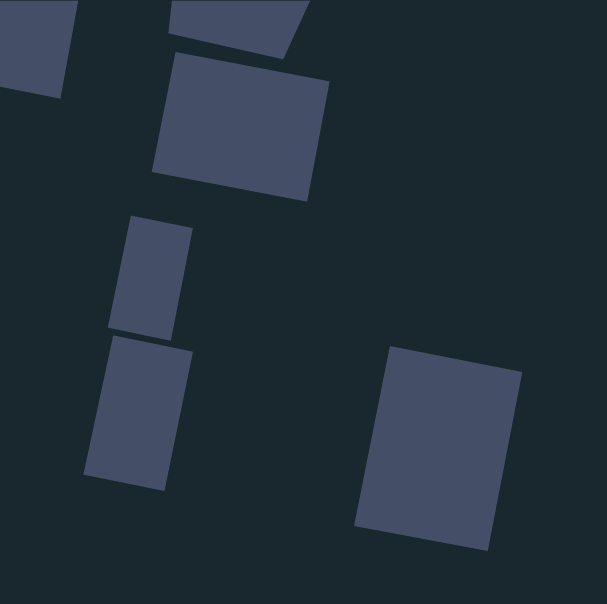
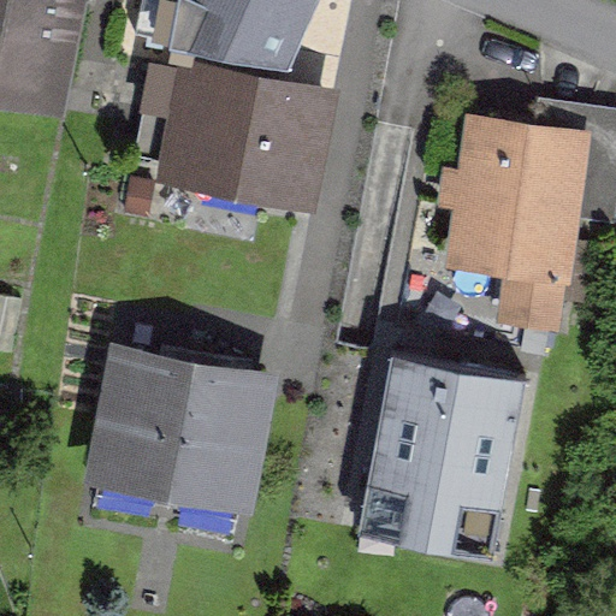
building: none -> [445,116,588,336]
building: [107,215,194,341] -> none
building: none -> [166,361,277,519]

